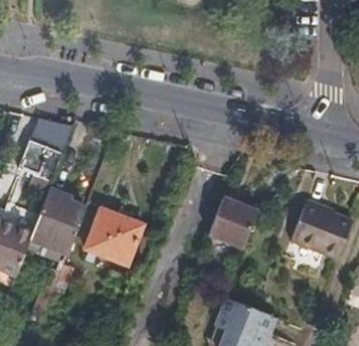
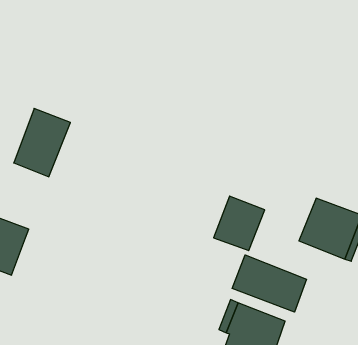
building: [30,187,87,254] -> none
building: [87,208,142,264] -> none
building: none -> [232,255,307,312]

